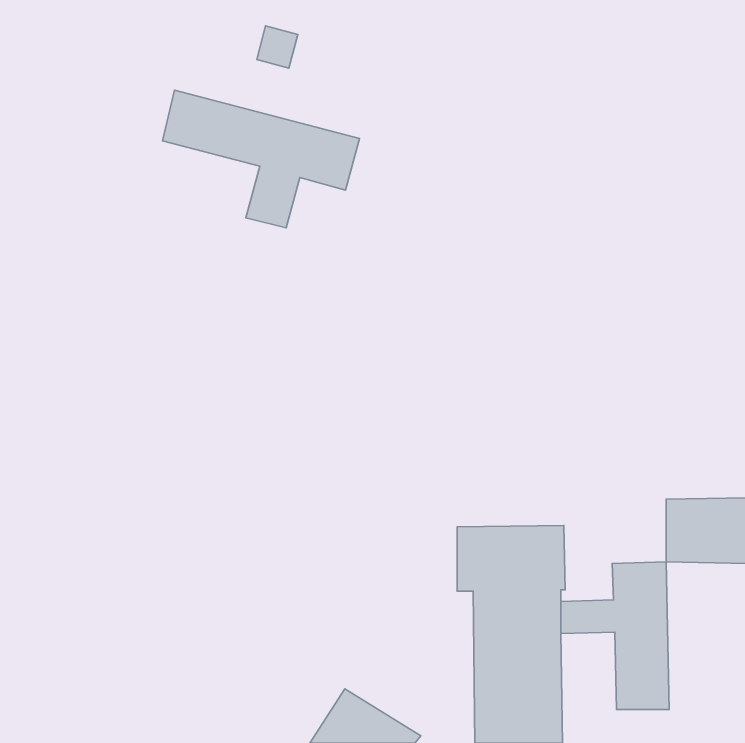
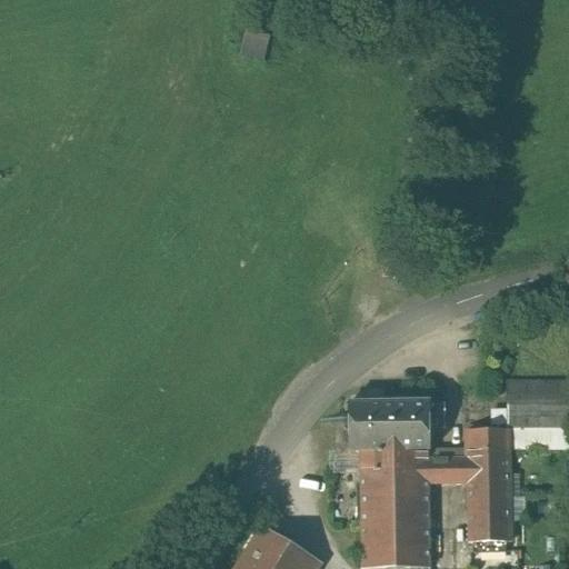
building: [257,26,298,68] -> [236,29,267,61]
building: [163,90,360,228] -> none

